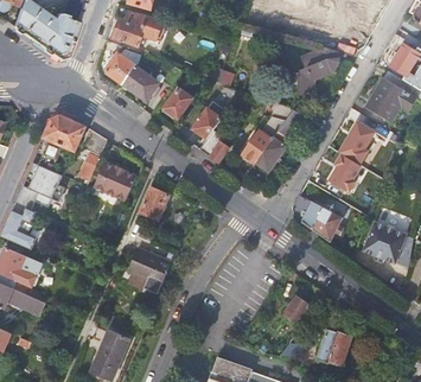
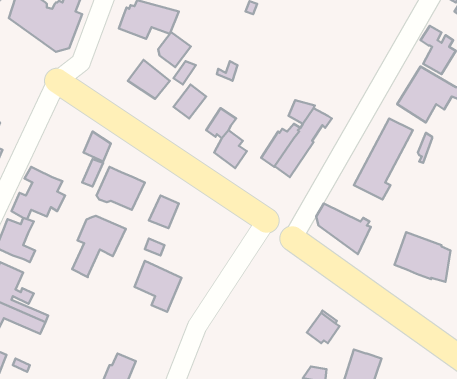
building: [296,46,343,95] -> none
building: [106,52,135,84] -> [158,32,191,67]
building: [38,116,87,172] -> [72,216,126,277]

